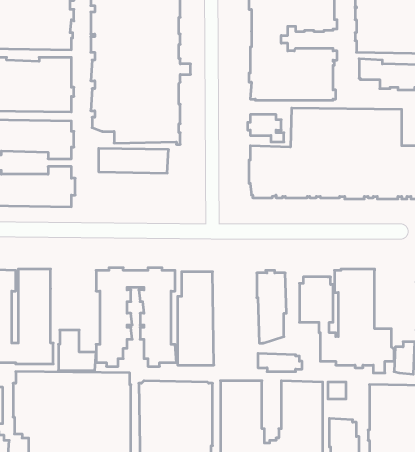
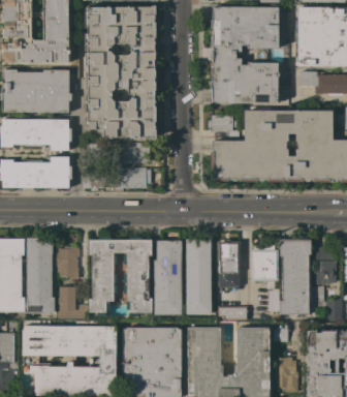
building: none -> [115,167,151,189]
building: none -> [186,239,212,314]
building: none -> [57,246,80,279]
building: none -> [314,246,337,283]

